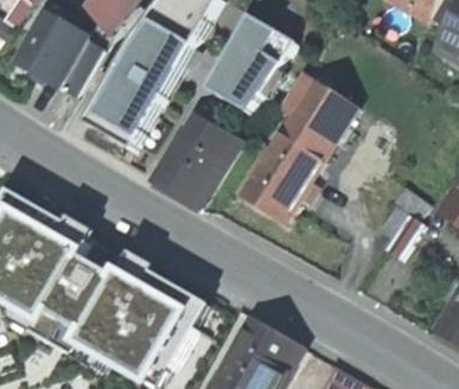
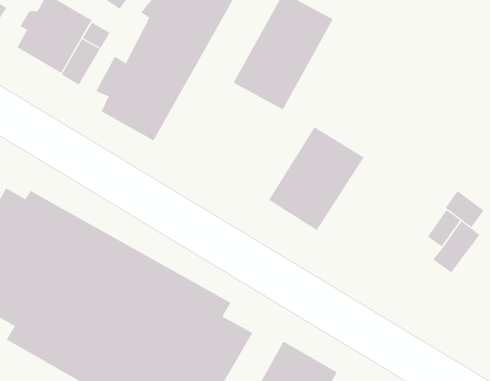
building: [275,71,353,159] -> none
building: [152,116,237,210] -> none

